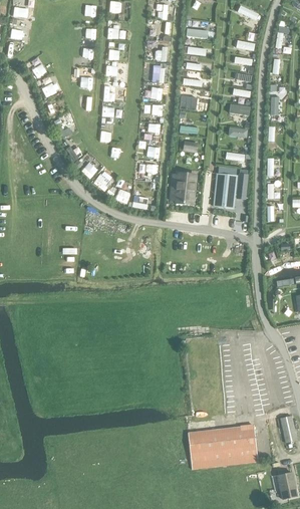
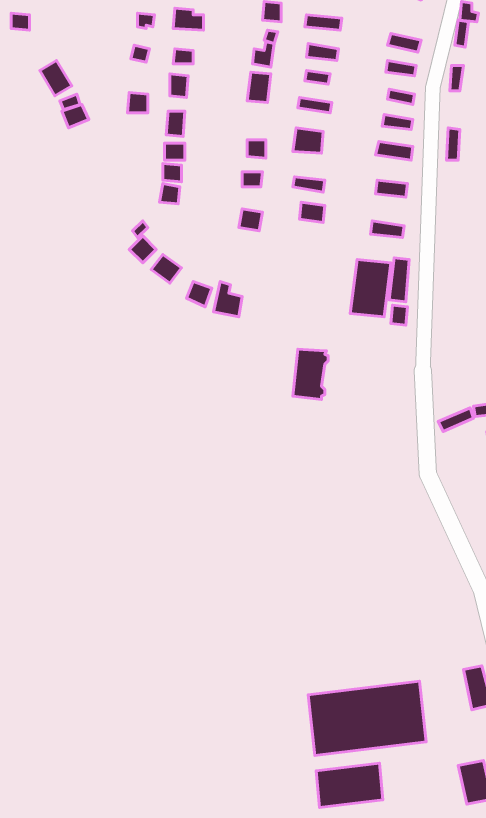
building: [175,174,196,204] -> [293,349,328,400]
building: none -> [316,763,383,807]

